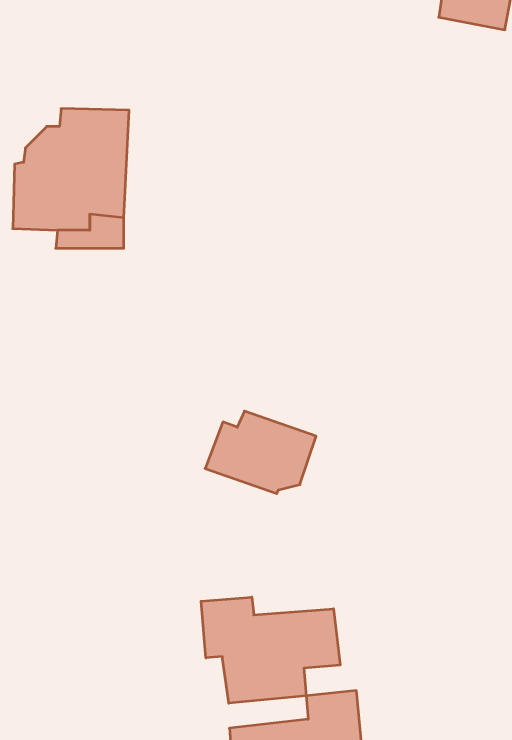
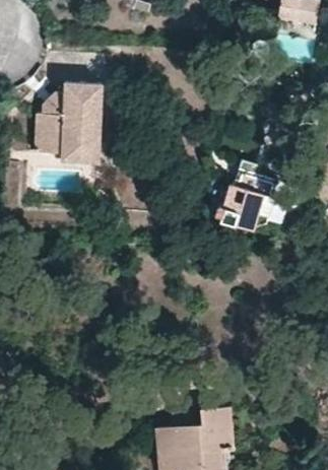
building: [205,411,316,494] -> [211,184,274,230]
building: [201,597,340,703] -> none

